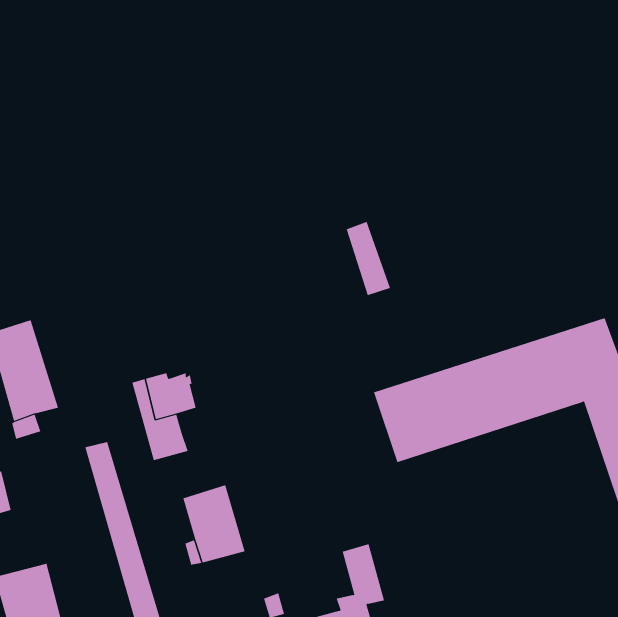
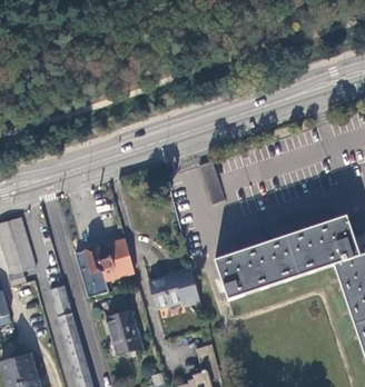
building: none -> [102,236,136,280]
building: none -> [148,268,199,308]

